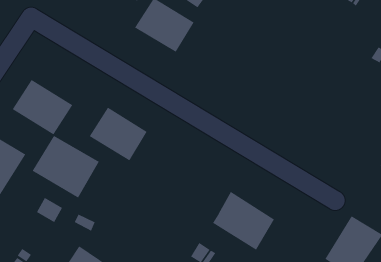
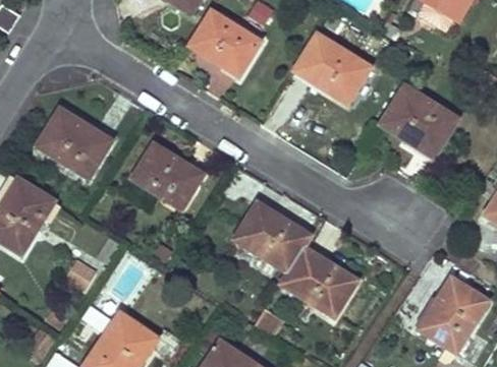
building: none -> [292,33,370,102]
building: none -> [379,84,458,158]
building: [32,135,100,199] -> none
building: none -> [233,203,311,273]

